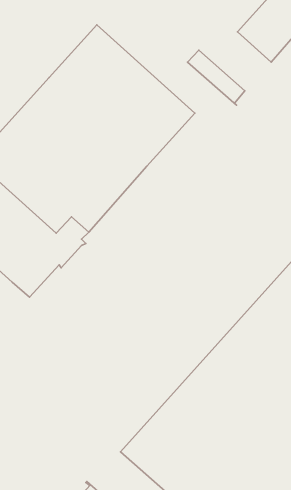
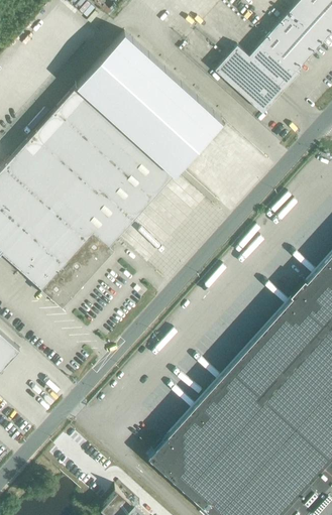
building: none -> [225,41,297,100]

